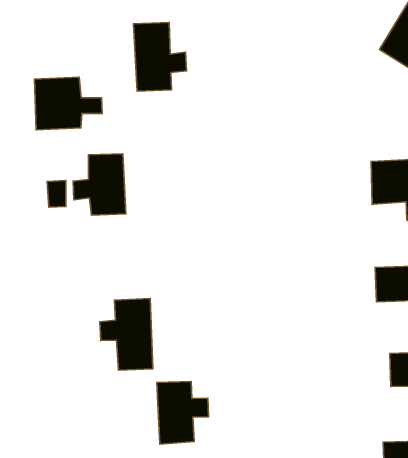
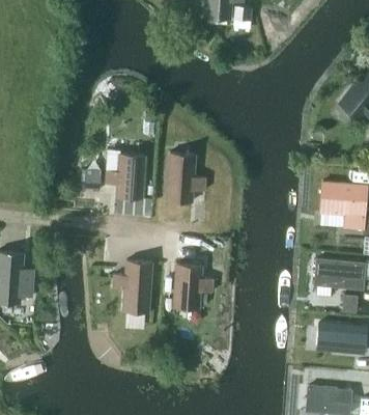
building: [133,22,186,91] -> [167,153,205,203]
building: [35,77,102,130] -> none
building: [157,381,208,444] -> [174,264,212,309]

